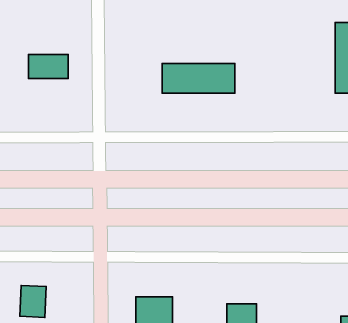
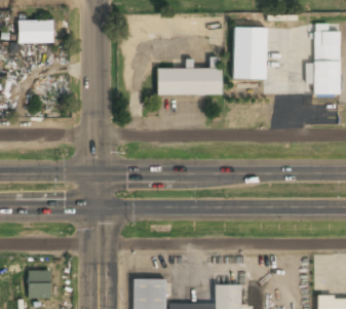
building: none -> [233,27,266,78]
building: [28,55,68,78] -> [17,22,53,43]

